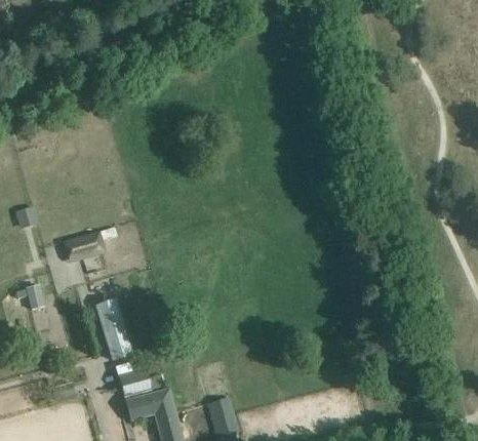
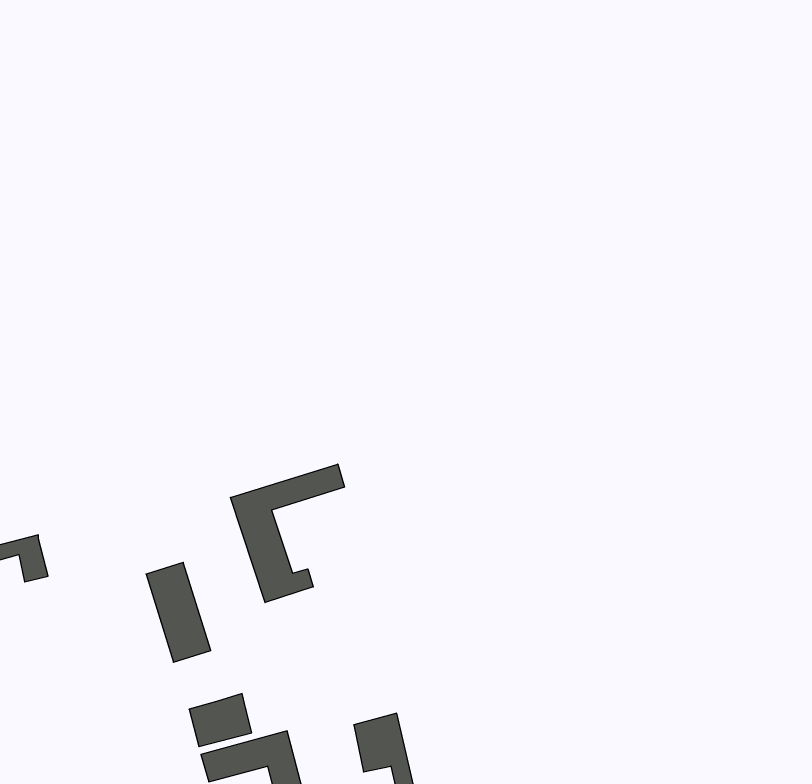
building: [72,236,105,263] -> none
building: none -> [230,464,344,603]

